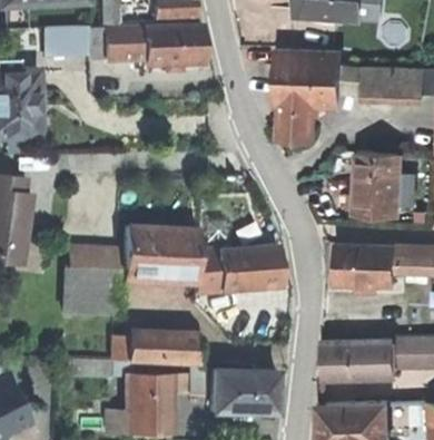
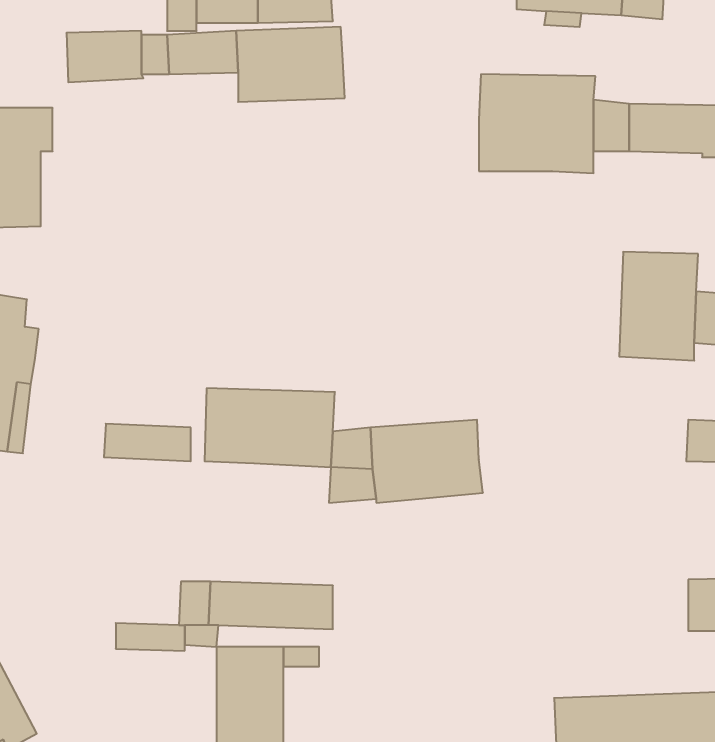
building: [282,107,318,139] -> none
building: [335,246,395,286] -> none
building: [62,268,115,315] -> none
building: [323,342,395,379] -> none
building: [208,370,275,414] -> none

